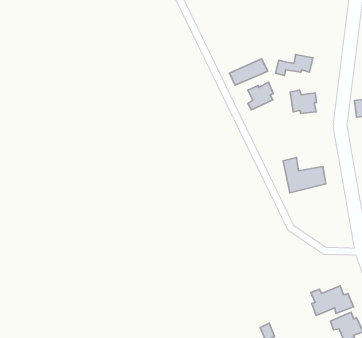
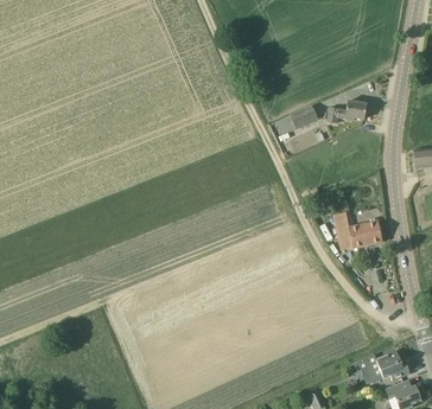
building: [248,82,273,110] -> none
building: [290,90,316,114] -> none

